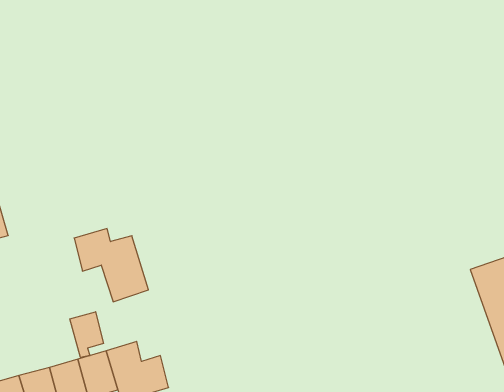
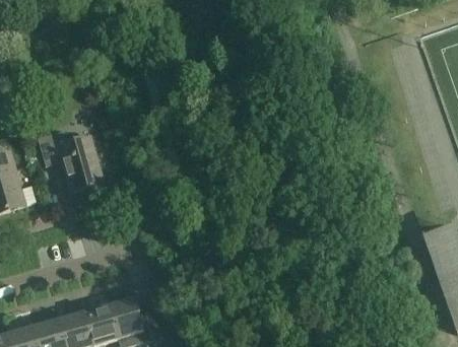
building: [74,229,148,302] -> [39,129,103,192]
building: [70,312,103,358] -> none

